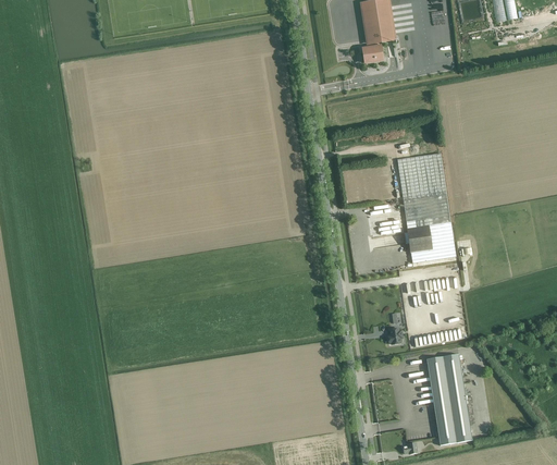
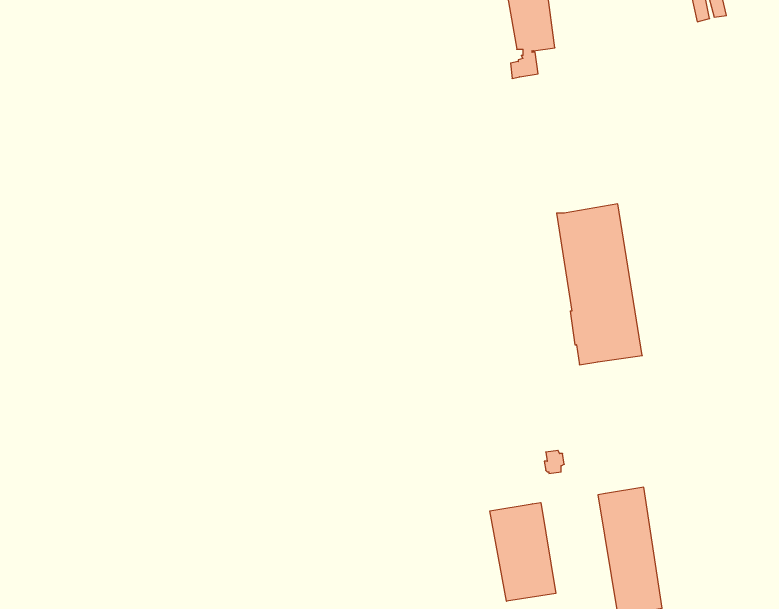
building: none -> [490,503,556,601]

